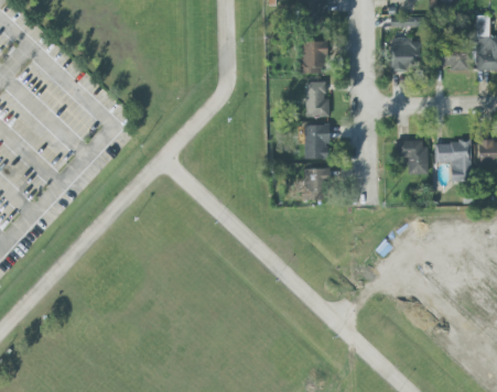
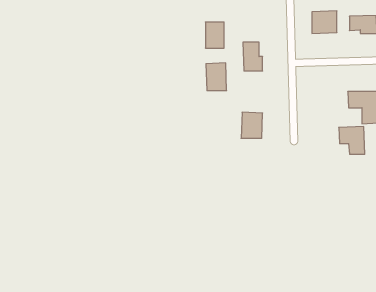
building: [302,41,325,73] -> [205,22,224,48]
building: [304,124,329,159] -> [206,63,227,91]
building: [396,140,428,174] -> [339,127,365,154]

